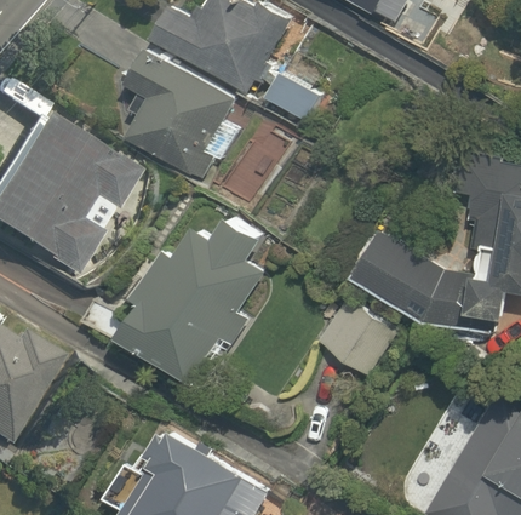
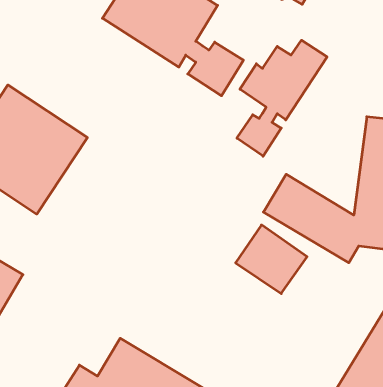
building: [126,47,237,183] -> none
building: none -> [237,40,327,156]
building: [125,216,268,384] -> none

